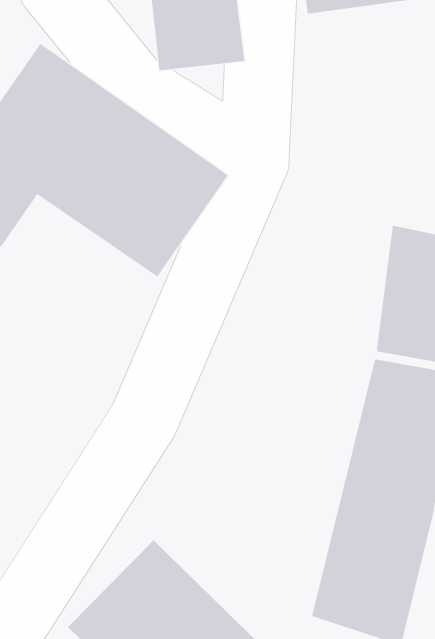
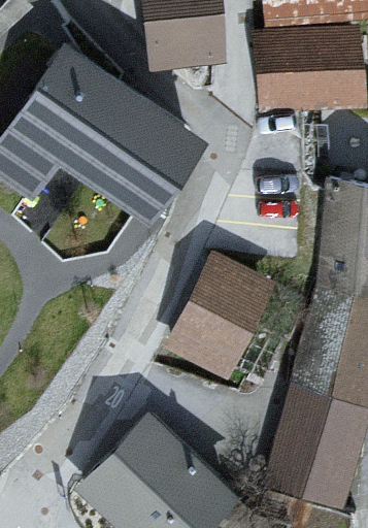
building: none -> [260,33,359,104]
building: none -> [172,258,269,370]

